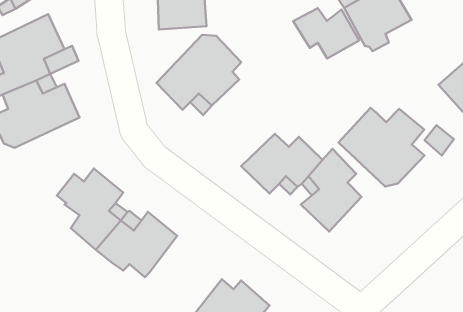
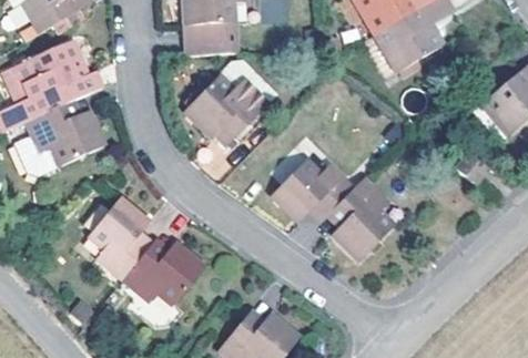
building: [293,8,359,58] -> none
building: [338,108,424,186] -> none

